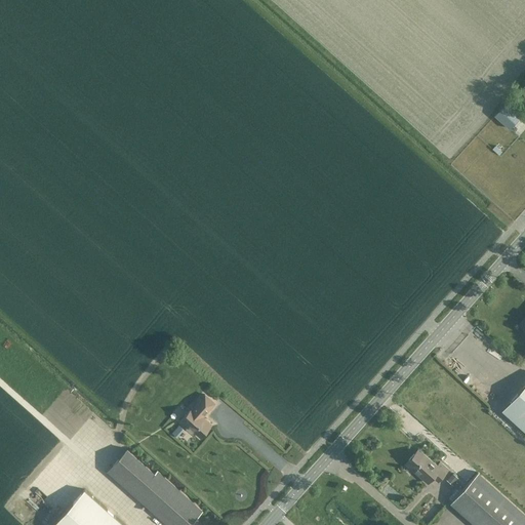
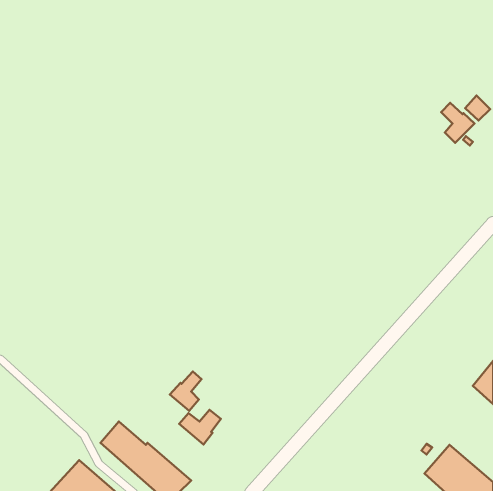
building: none -> [441,103,475,143]
building: none -> [179,410,221,445]
building: [406,453,448,487] -> none

